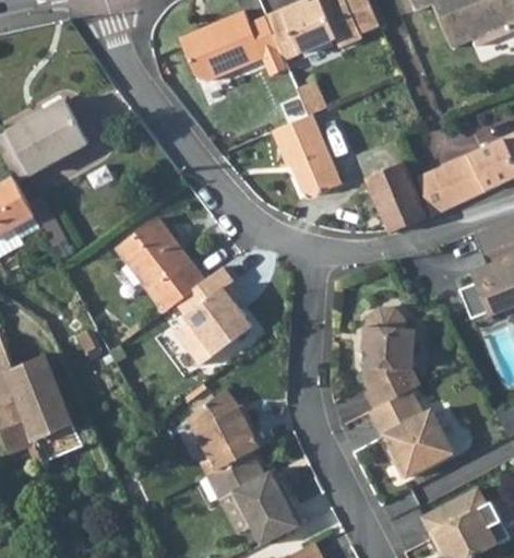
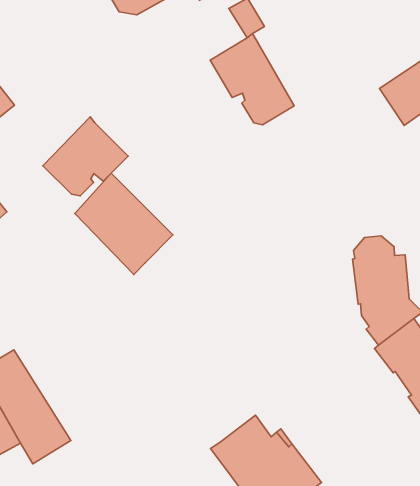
building: none -> [43,117,128,196]
building: [367,166,427,235] -> none
building: [177,265,254,363] -> none
building: [188,390,264,473] -> none

